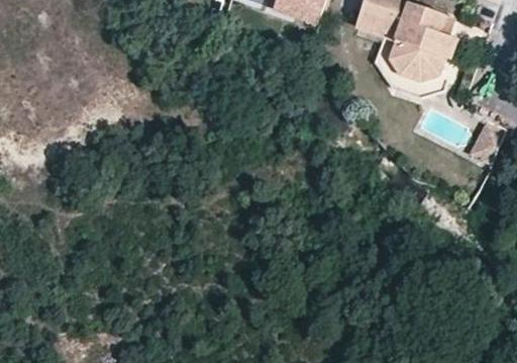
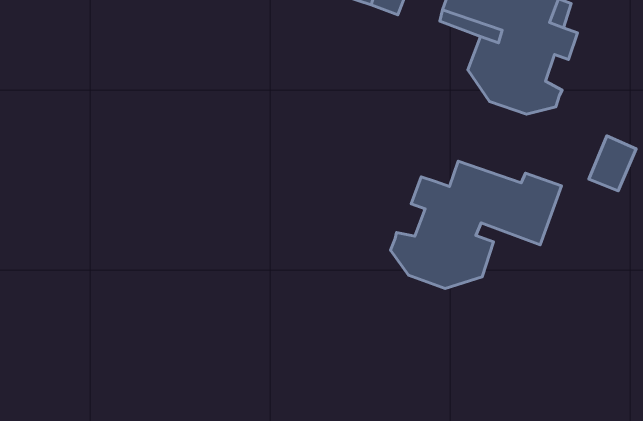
building: none -> [391,161,561,288]

